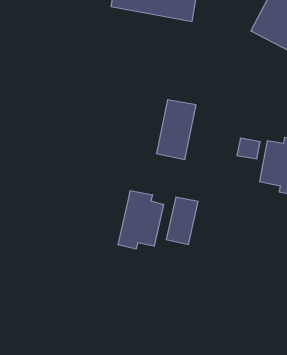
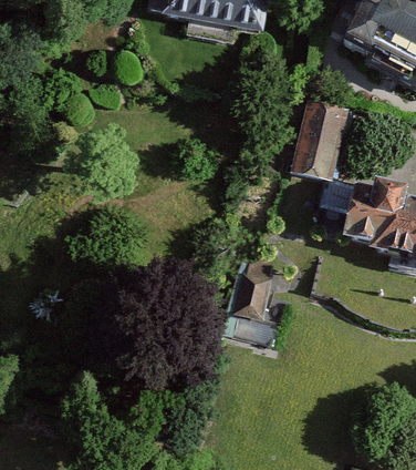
building: [156,100,196,159] -> [295,99,346,175]
building: [118,191,164,249] -> none

